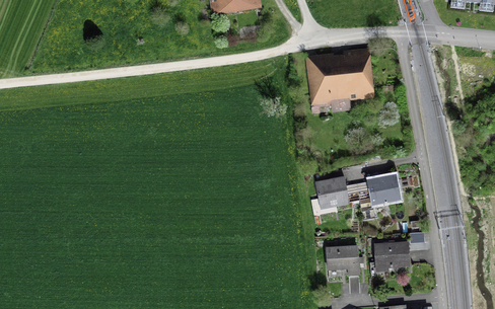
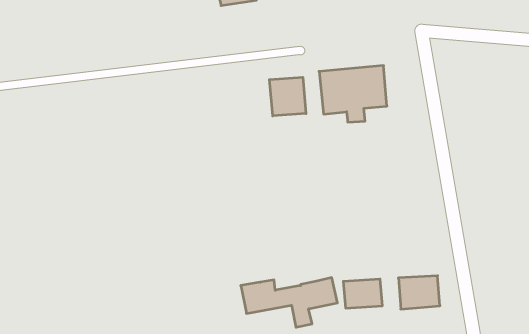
building: none -> [269,77,306,116]
building: [315,173,401,217] -> [241,278,337,327]

